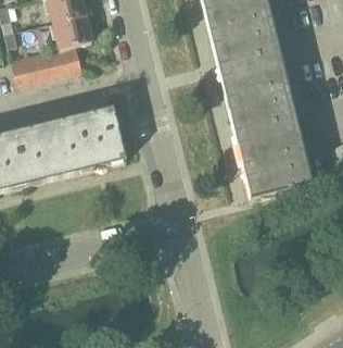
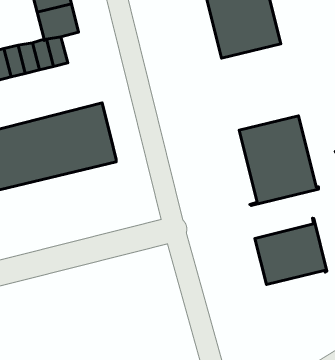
building: [221,50,292,129] -> none
building: none -> [255,218,327,285]

